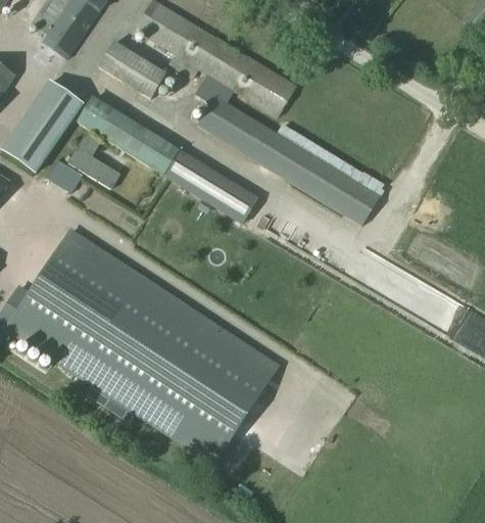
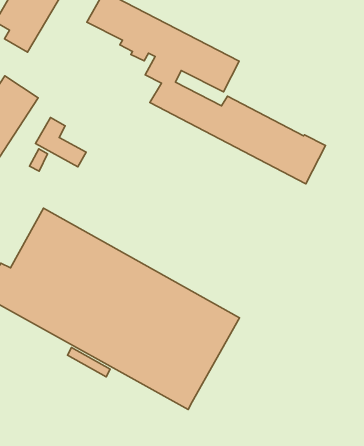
building: [98,41,166,100] -> none
building: [79,96,261,225] -> none

